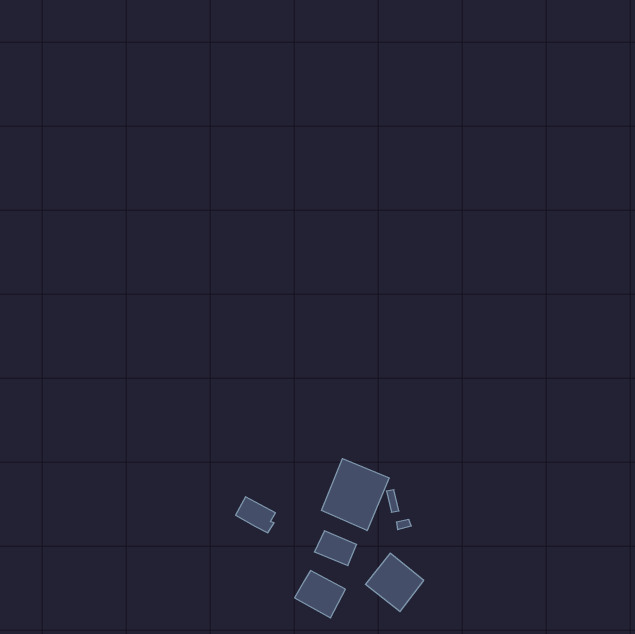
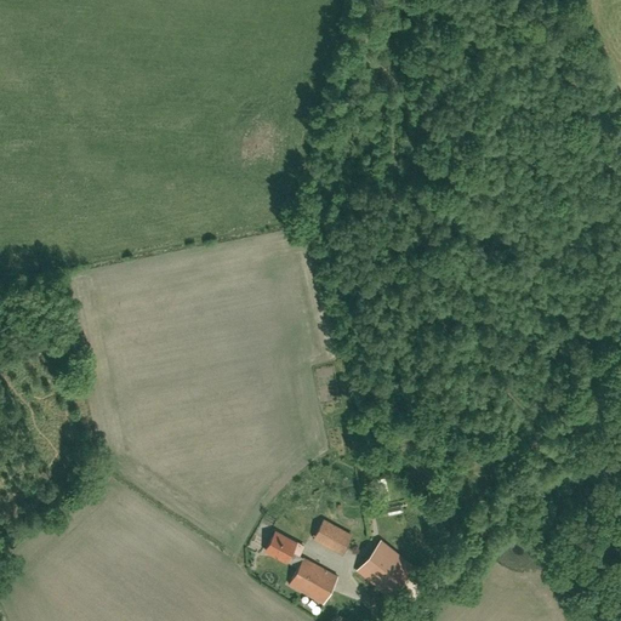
building: [322,459,389,531] -> none
building: [236,497,275,533] -> [266,532,304,568]

